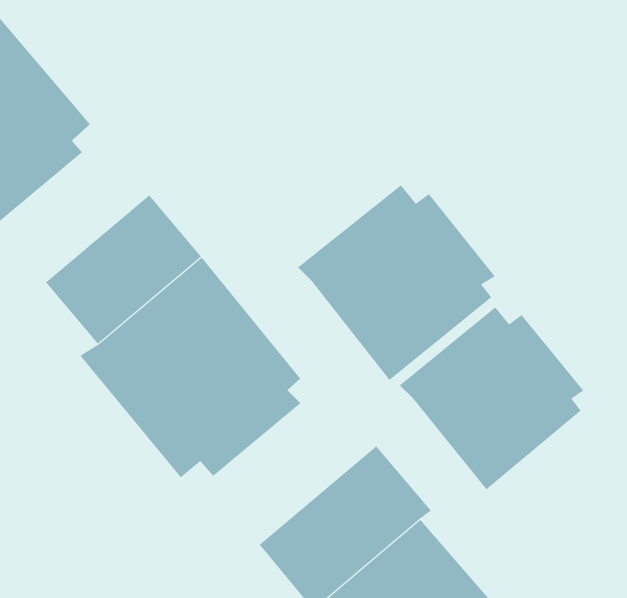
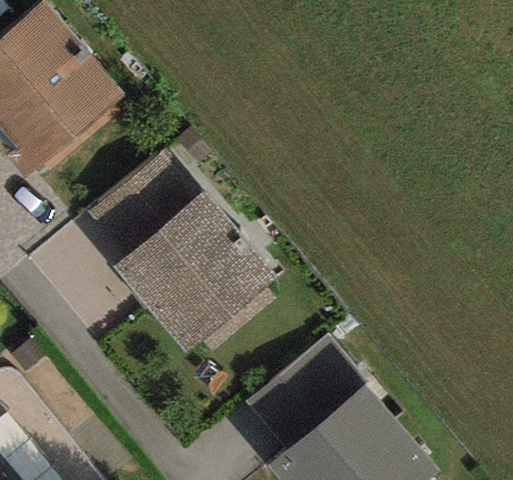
building: [297,184,495,381] -> none
building: [399,306,584,490] -> none

